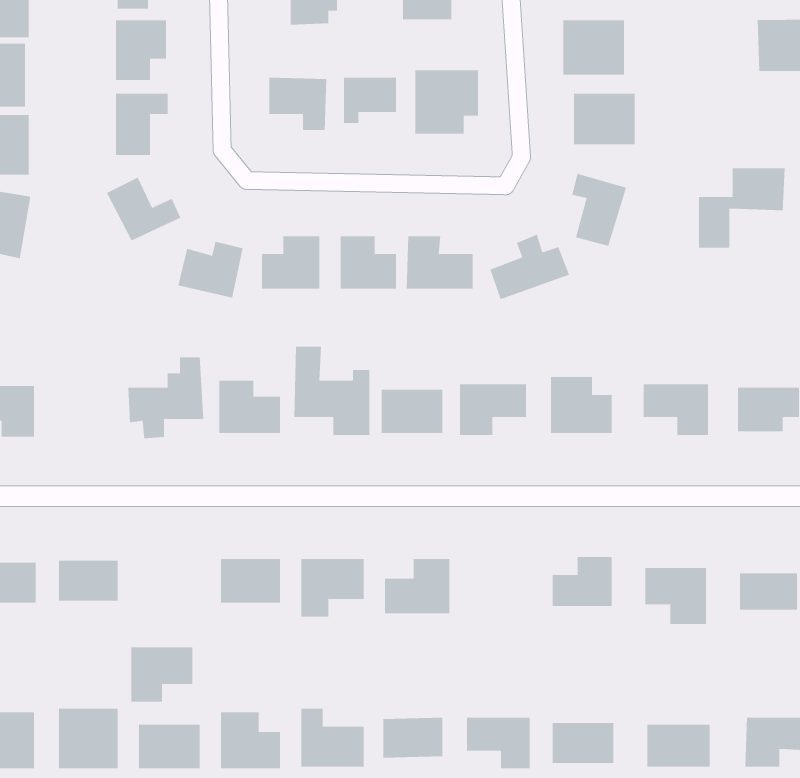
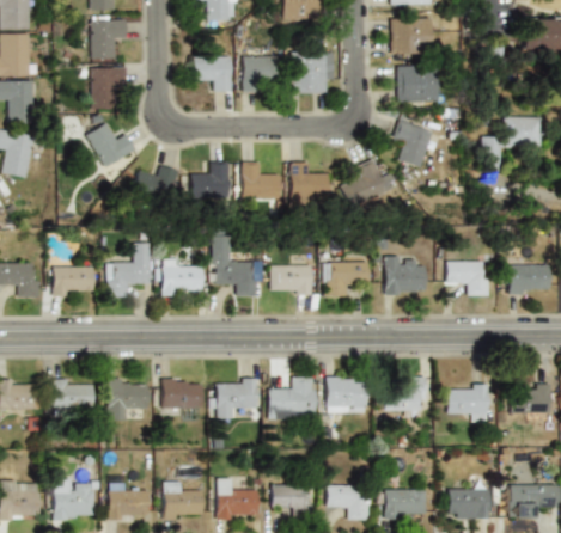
building: none -> [50,268,93,295]
building: none -> [325,378,368,412]
building: [131,647,193,702] -> [106,381,148,418]

